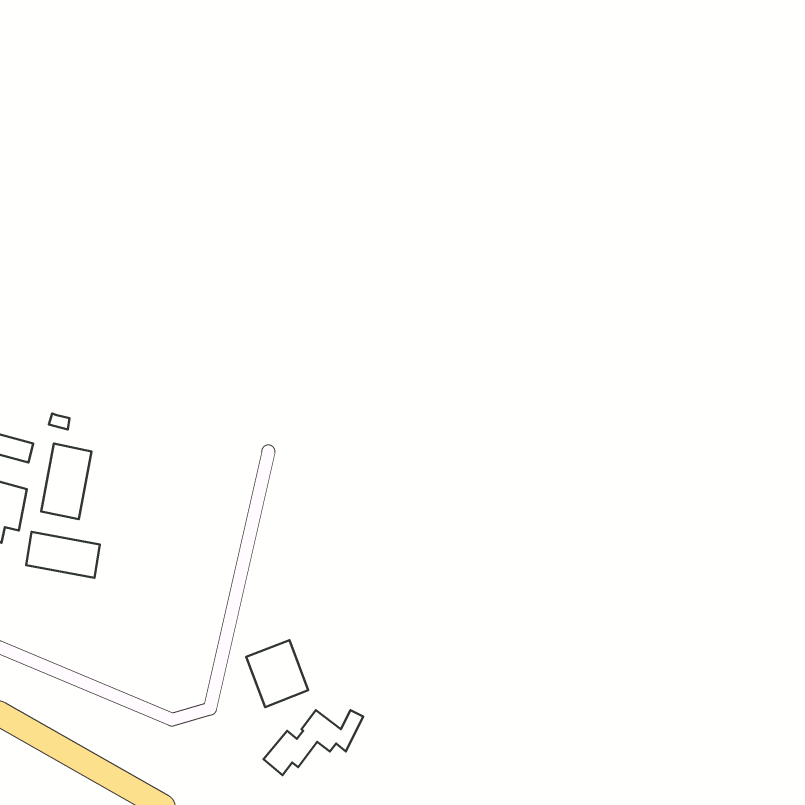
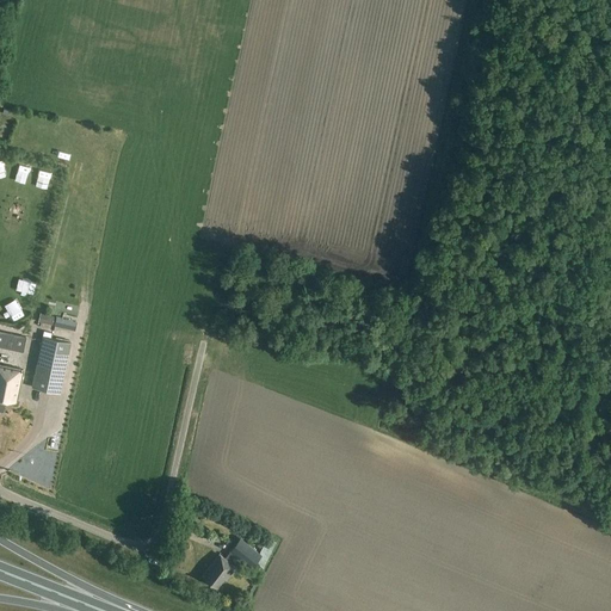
building: [26,532,100,578] -> none
building: [246,640,308,707] -> none

